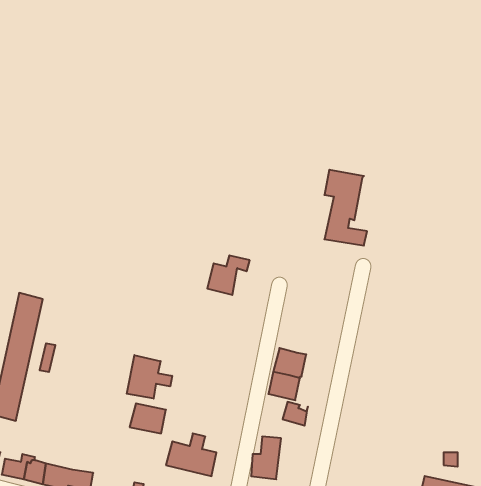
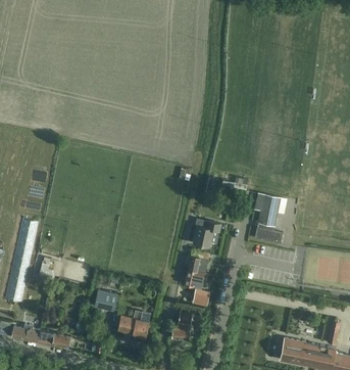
building: [324,170,367,246] -> [255,193,283,242]
building: [207,255,250,295] -> [194,222,221,247]
building: [127,355,172,399] -> none

